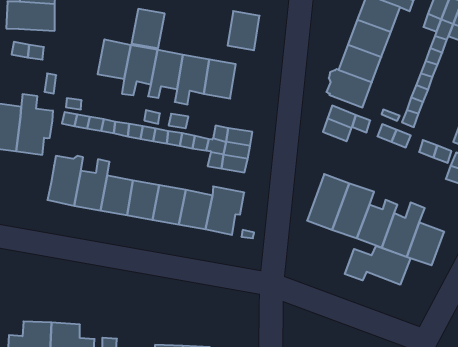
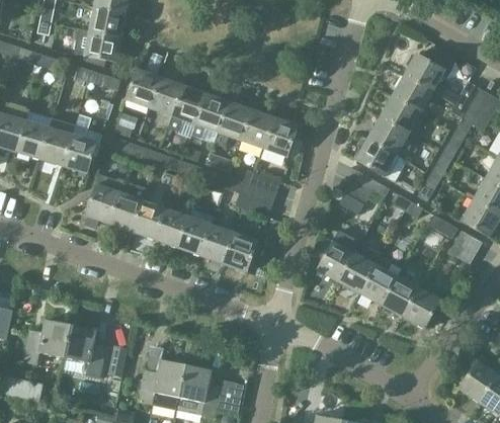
building: [132,9,165,48] -> [126,69,160,107]
building: [228,11,260,50] -> [265,118,299,157]
building: [345,246,410,285] -> none

